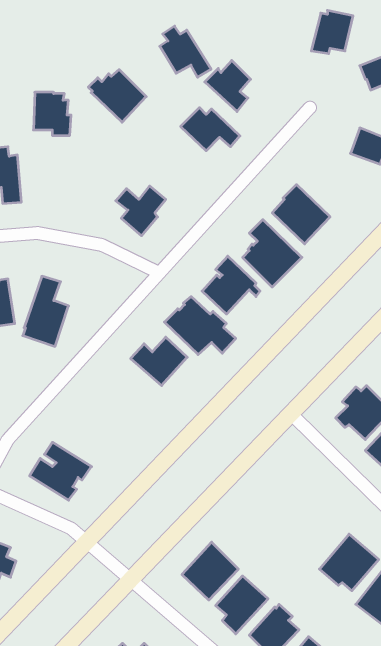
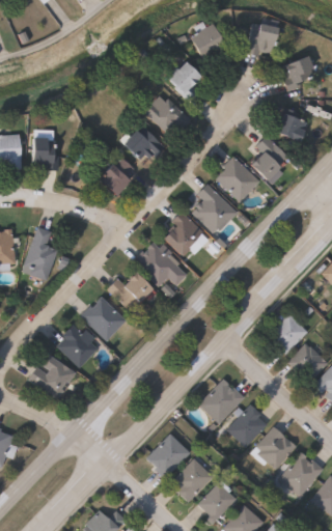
building: [160,26,211,77] -> [191,21,230,60]
building: [88,70,146,122] -> [120,127,165,167]
building: [33,92,71,135] -> [30,138,59,171]
building: none -> [249,136,288,181]
building: none -> [81,299,127,340]
building: none -> [57,325,99,369]
building: none -> [200,378,245,422]
building: none -> [227,402,268,447]

